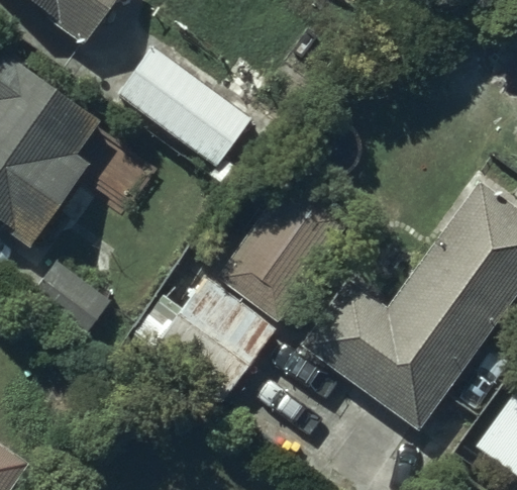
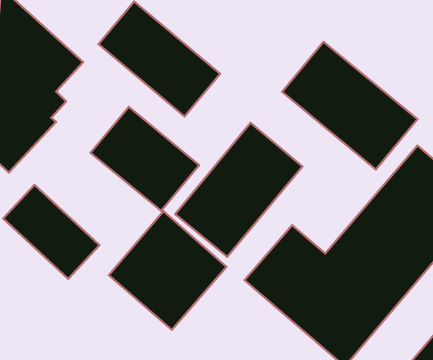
building: none -> [282,42,417,169]
building: none -> [91,107,199,211]

